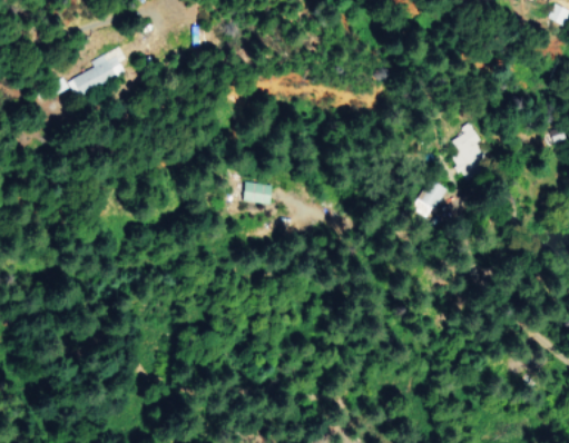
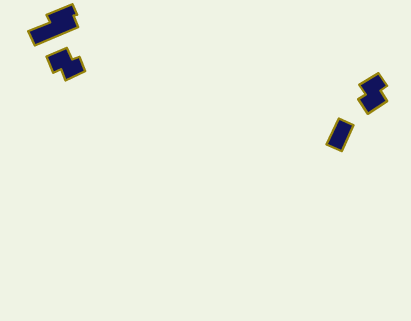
building: none -> [46,48,85,80]
building: [243,180,272,204] -> none

